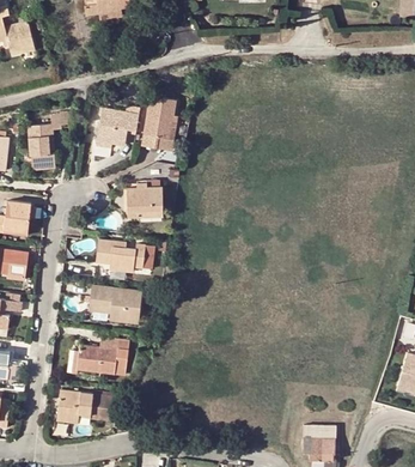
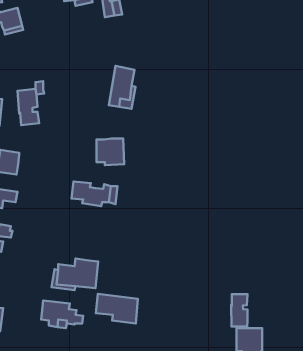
building: [96,104,139,145] -> none
building: [89,285,141,322] -> [96,294,138,324]
building: none -> [231,294,248,327]

